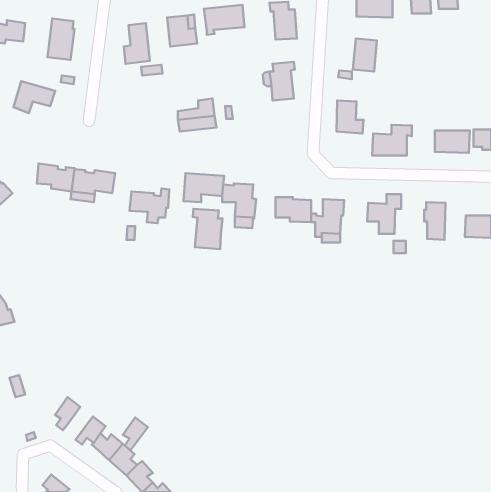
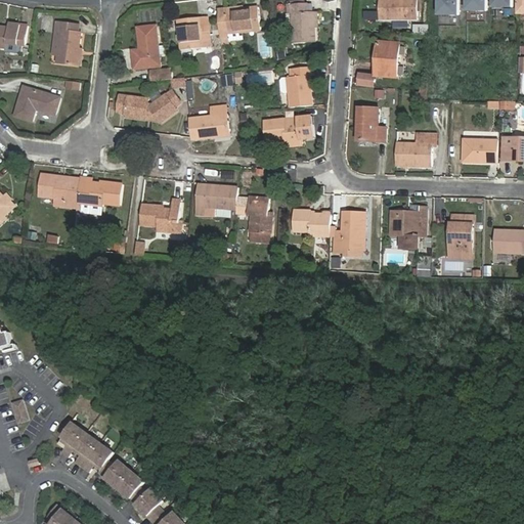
building: none -> [116,93,175,121]
building: none -> [263,115,312,141]
building: [193,209,222,249] -> none
building: [123,417,148,450] -> [72,431,98,466]

